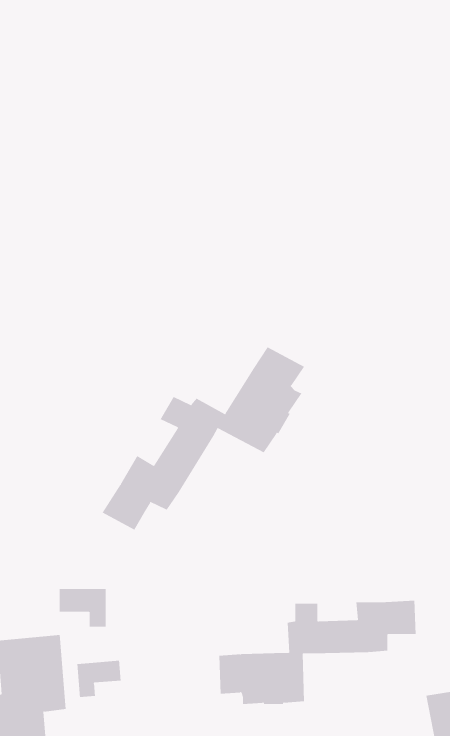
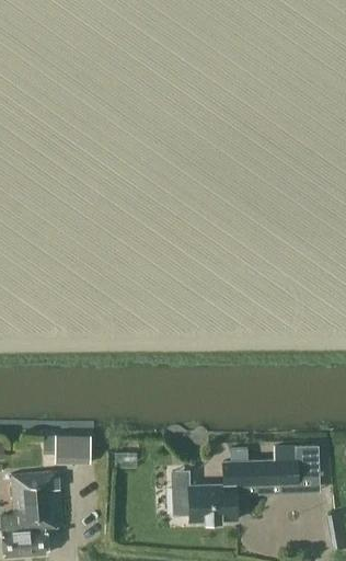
building: [102,347,305,531] -> none
building: [77,660,121,698] -> none

